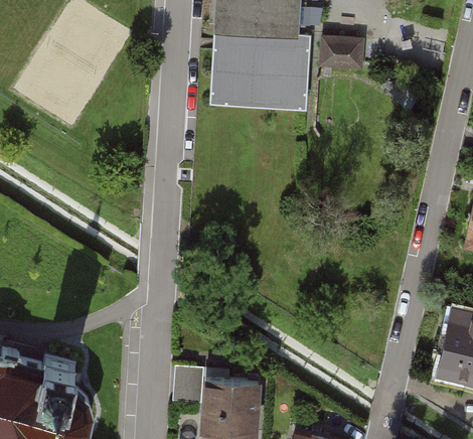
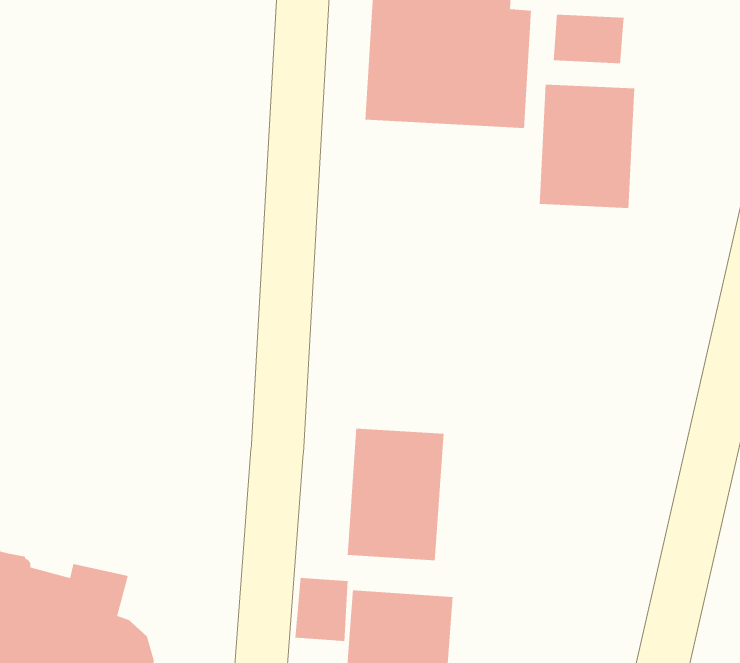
building: none -> [539,84,635,209]
building: none -> [347,428,444,561]

